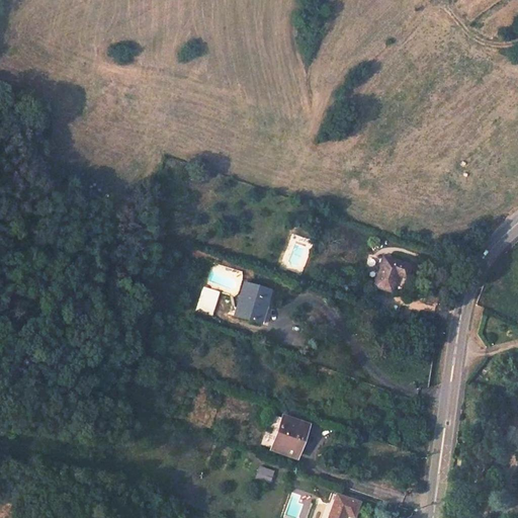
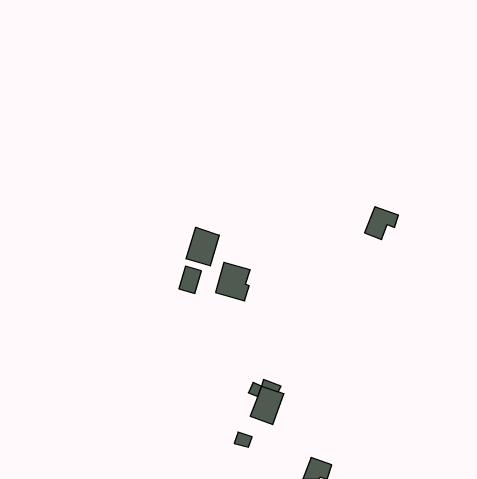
building: none -> [186,227,219,266]
building: [374,256,411,291] -> [365,207,398,240]

